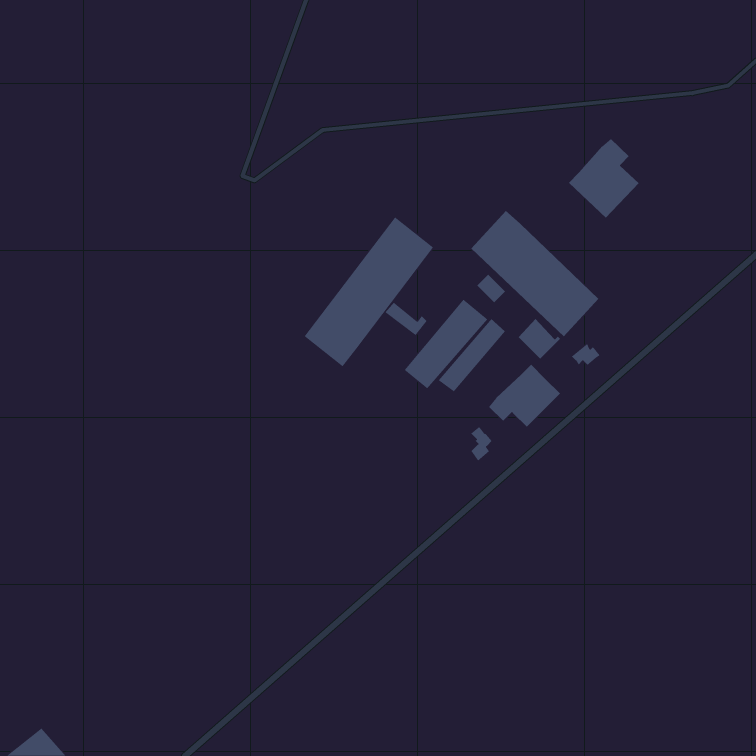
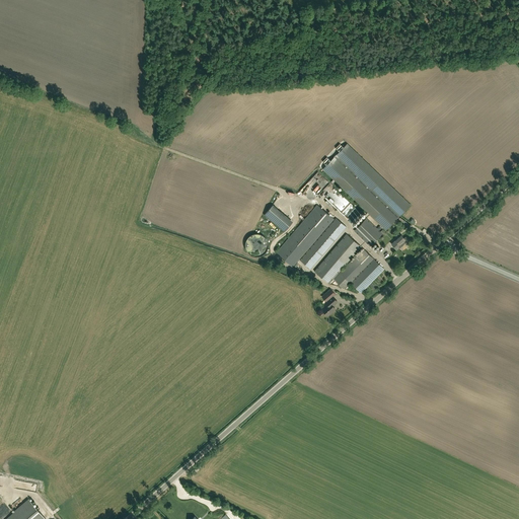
building: [568,138,639,219] -> none
building: [304,216,434,367] -> none
building: none -> [314,234,362,283]

